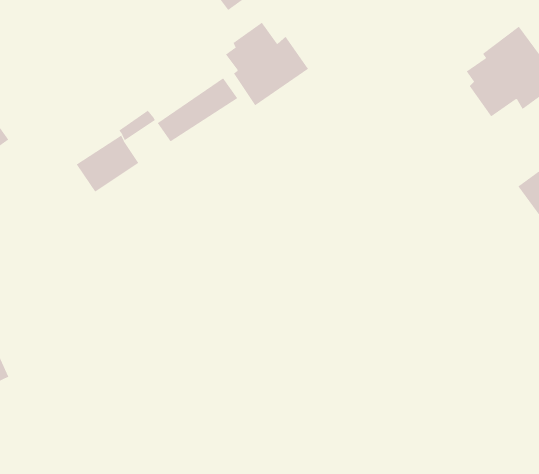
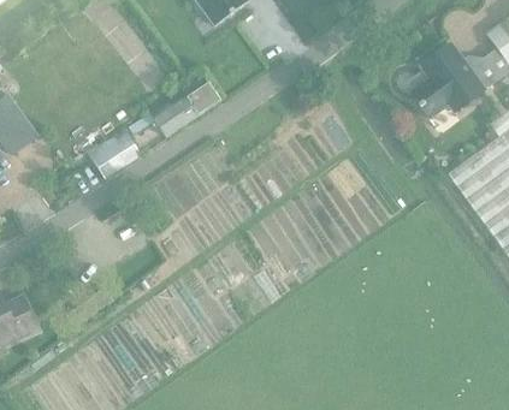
building: [225,22,309,106] -> none

